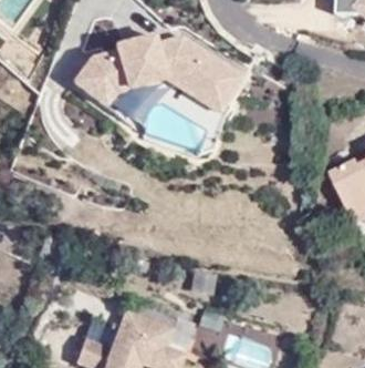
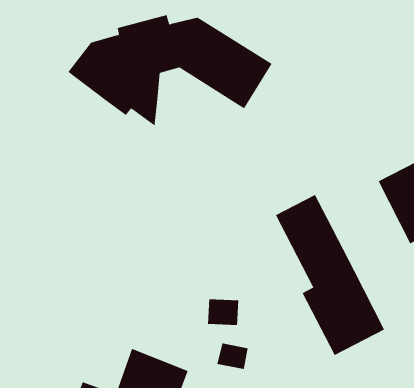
building: none -> [275,194,385,356]

